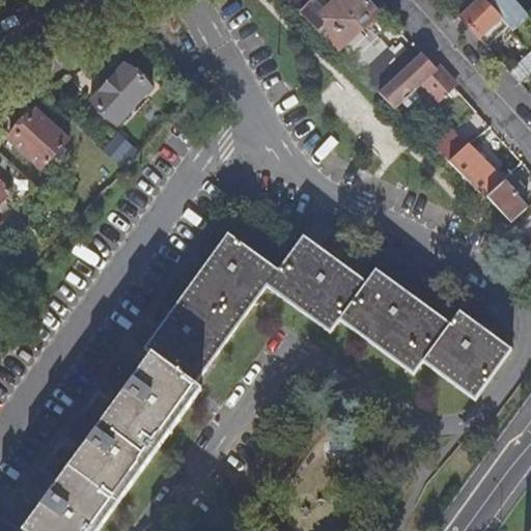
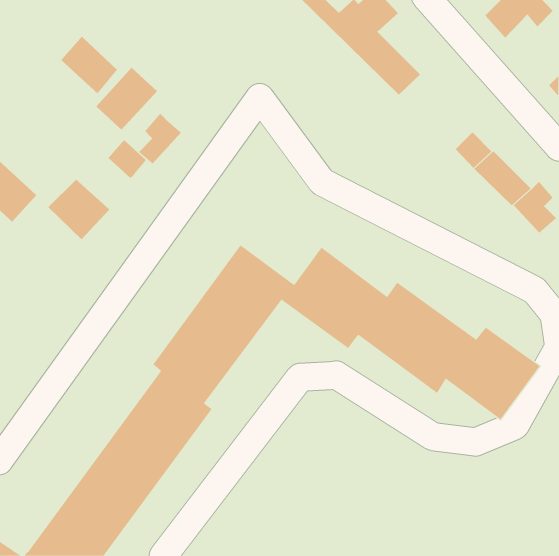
building: none -> [60,36,118,94]
building: [378,50,455,106] -> none
building: none -> [138,113,182,164]
building: [8,110,67,168] -> [48,179,110,240]

